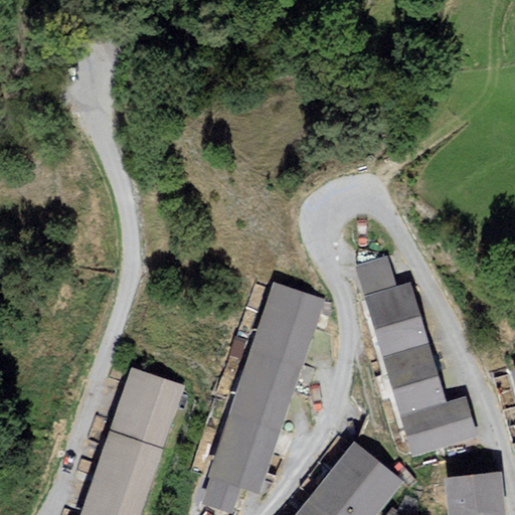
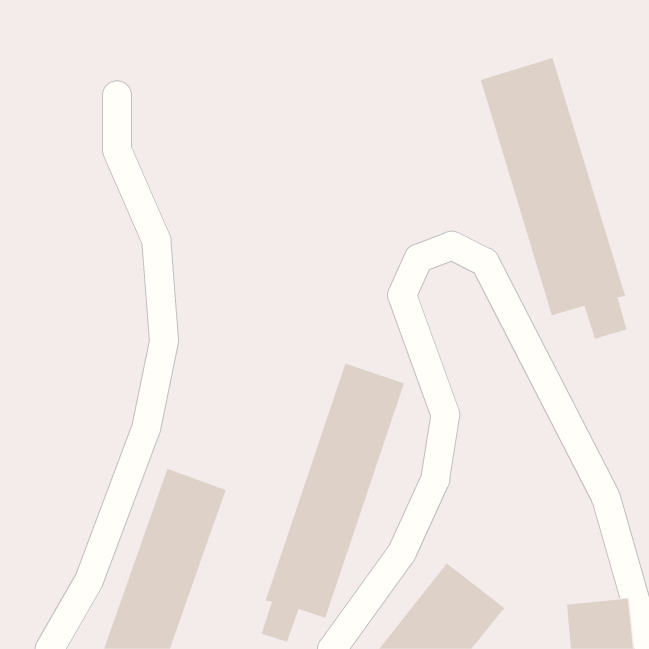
building: none -> [480,57,627,340]
building: [357,258,474,452] -> none

